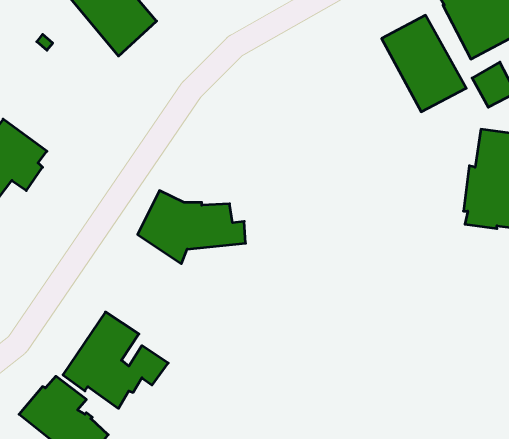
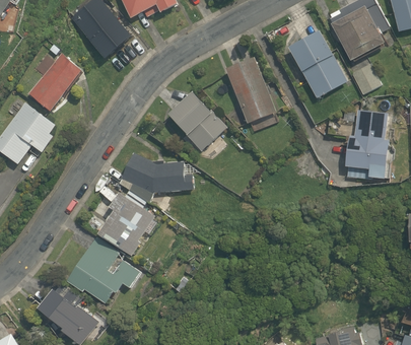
building: none -> [28,54,83,111]
building: none -> [225,57,276,123]
building: none -> [168,91,227,150]
building: none -> [97,190,156,255]

